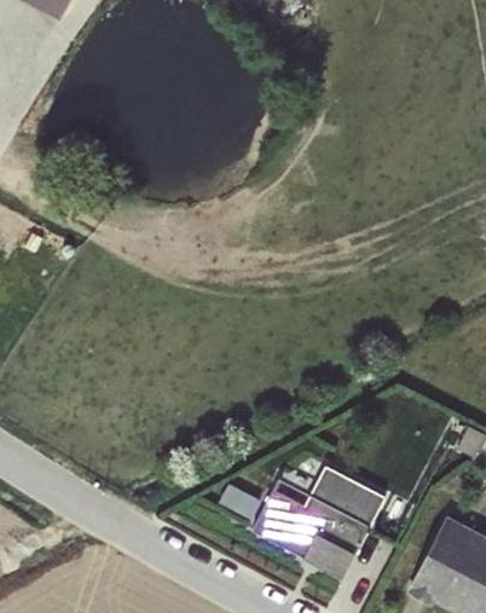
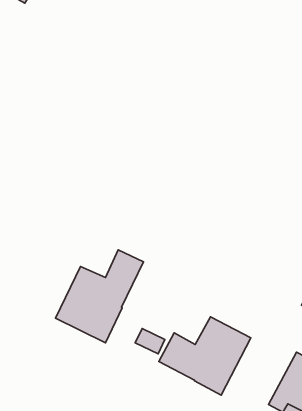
building: none -> [55,250,143,343]

